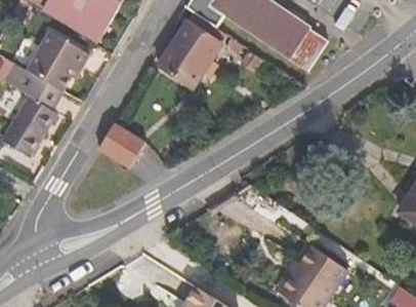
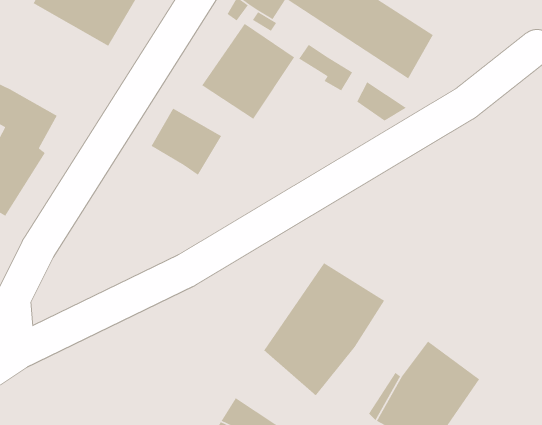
building: [29,31,86,87] -> none
building: [101,120,151,167] -> [150,107,222,176]
building: none -> [263,262,385,396]

